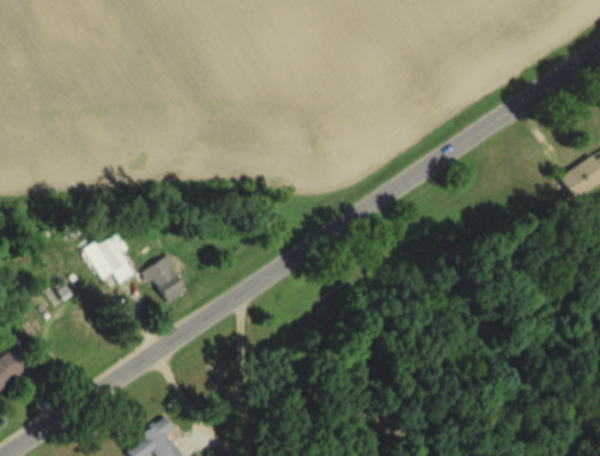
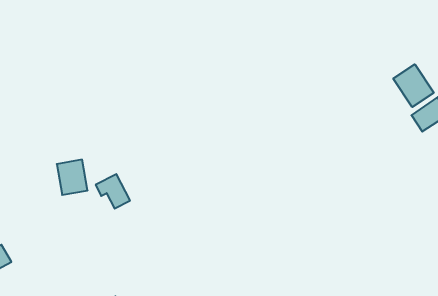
building: none -> [393,64,434,107]

